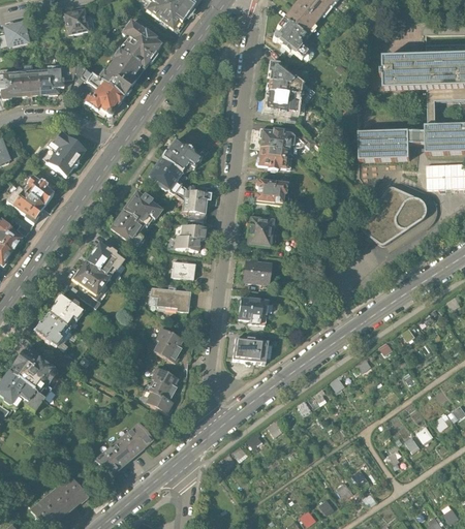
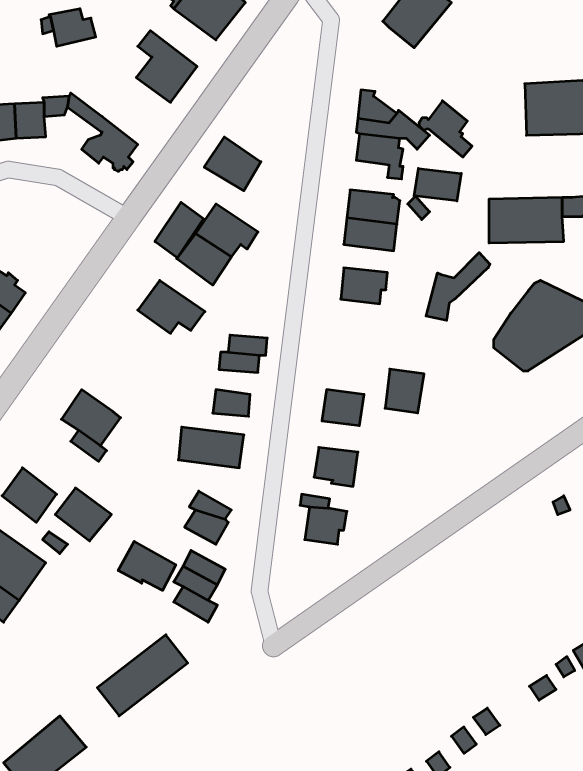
building: [275,19,310,56] -> [419,101,472,157]
building: [100,50,146,96] -> none
building: none -> [204,137,261,191]
building: none -> [414,168,461,201]
building: none -> [155,202,203,258]
building: [45,134,82,176] -> none
building: none -> [426,253,490,320]
building: [184,187,213,212] -> none
building: [110,206,148,248] -> none
building: [250,215,276,244] -> [385,369,424,413]
building: [87,240,126,273] -> none
building: [48,292,85,328] -> [55,488,111,541]
building: none -> [118,541,176,590]

